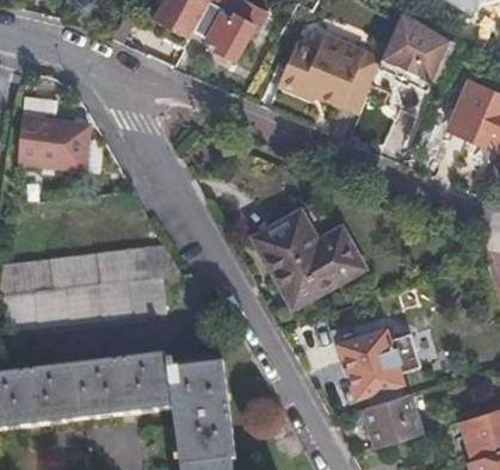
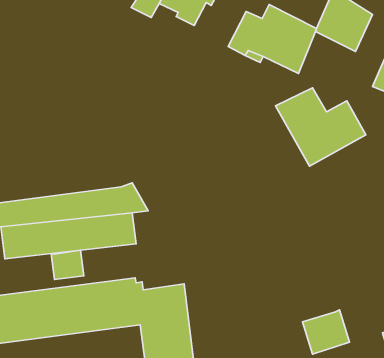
building: [16,93,89,167] -> none
building: [253,209,360,302] -> [276,88,366,166]
building: none -> [51,250,84,280]
building: [339,329,419,406] -> none

